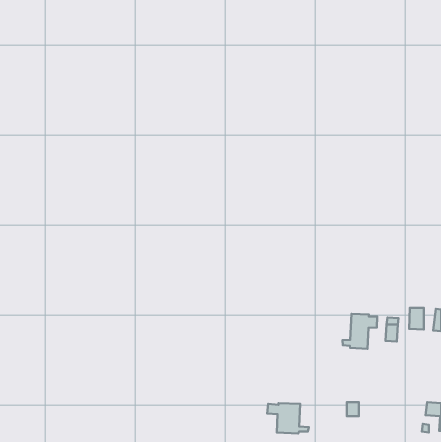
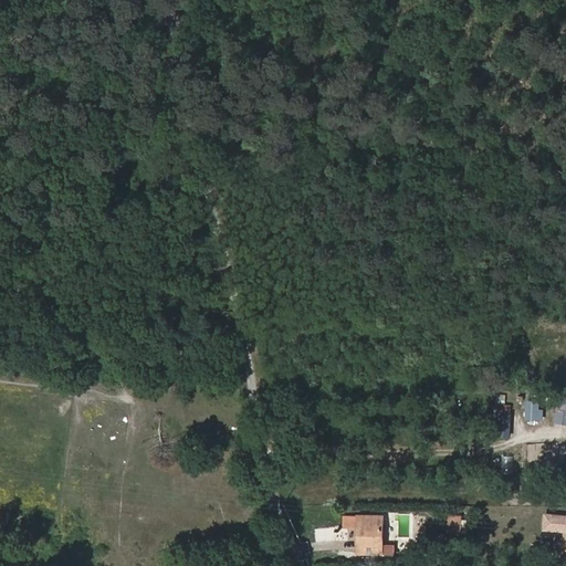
building: [343,314,377,349] -> none

